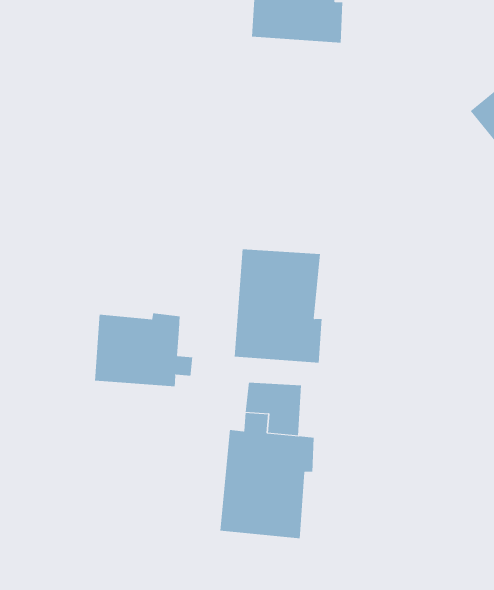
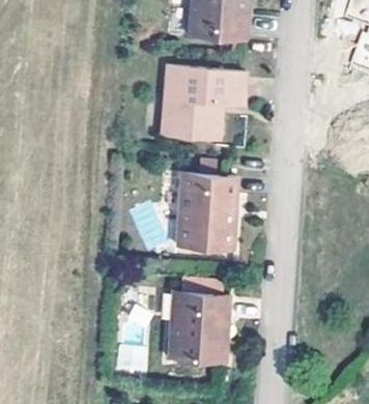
building: none -> [162,66,243,141]
building: [94,312,193,387] -> none

